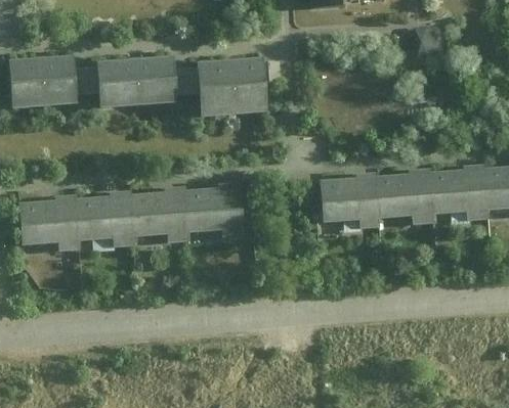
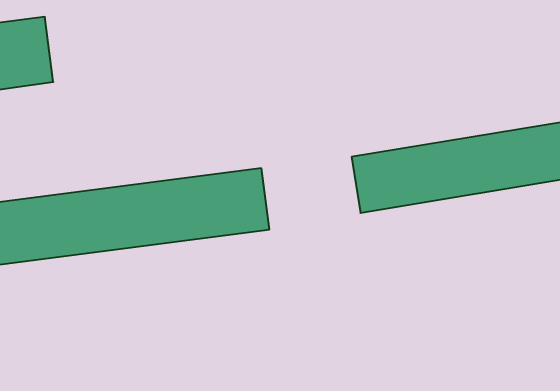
building: [97,52,183,107] -> none
building: [199,58,264,115] -> none

